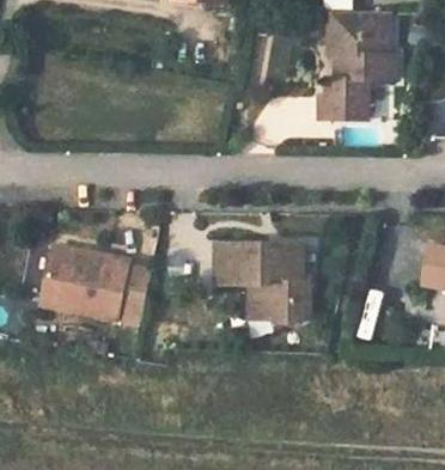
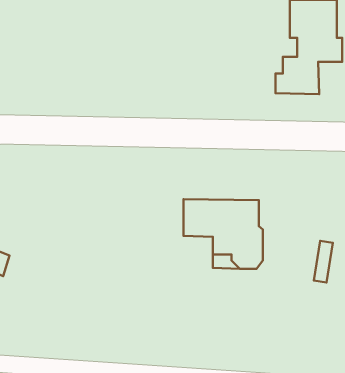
building: [33,248,142,322] -> none

